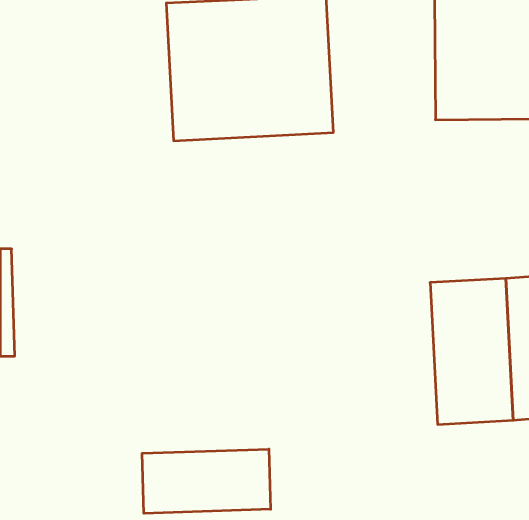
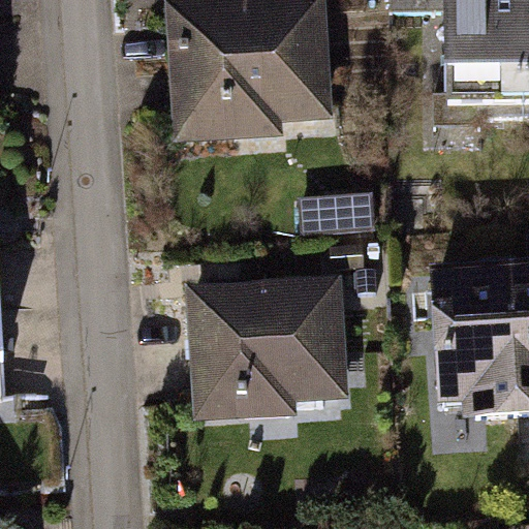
building: none -> [184,282,348,419]
building: [142,449,271,513] -> none

